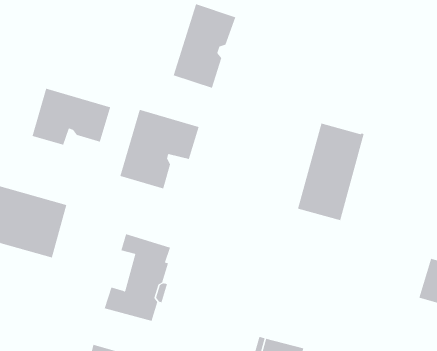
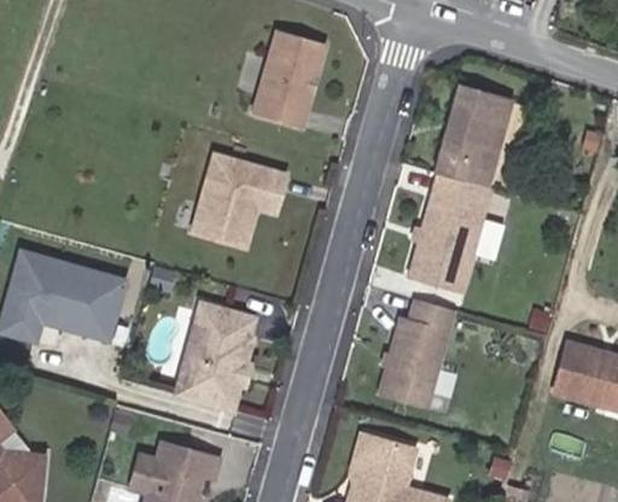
building: none -> [433,83,511,187]
building: [32,88,111,145] -> none
building: none -> [378,298,454,404]

